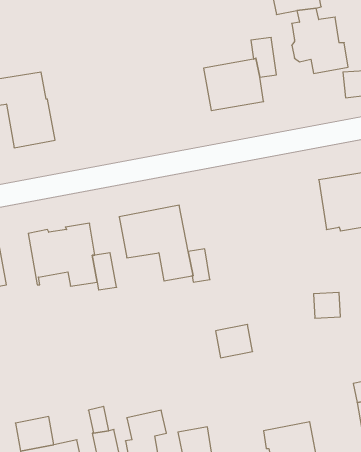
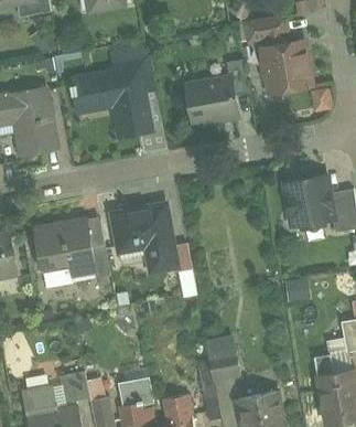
building: none -> [72,40,154,136]
building: [216,324,253,358] -> [208,351,240,380]
building: none -> [58,371,90,402]

